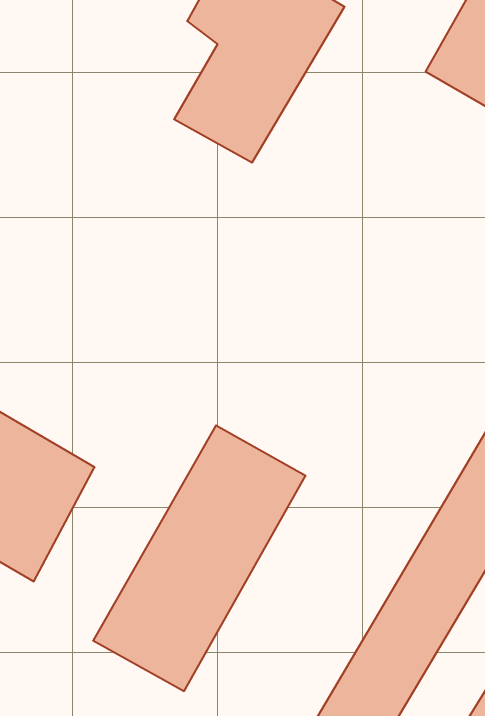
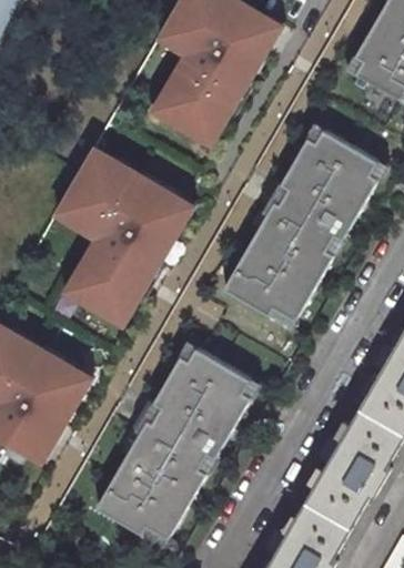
building: none -> [223,128,382,326]
building: none -> [59,149,194,325]

